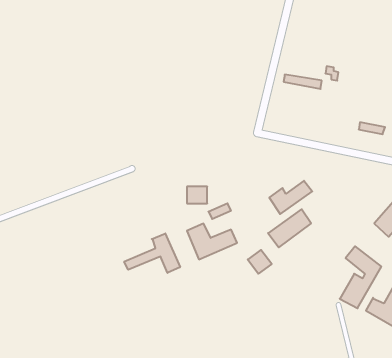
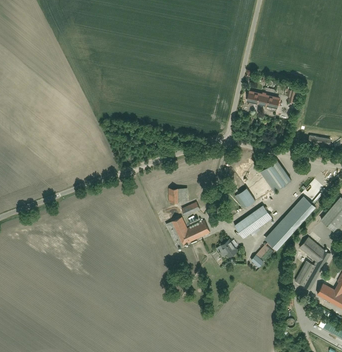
building: none -> [260,161,290,191]
building: none -> [255,192,317,263]
building: [124,233,180,273] -> none

